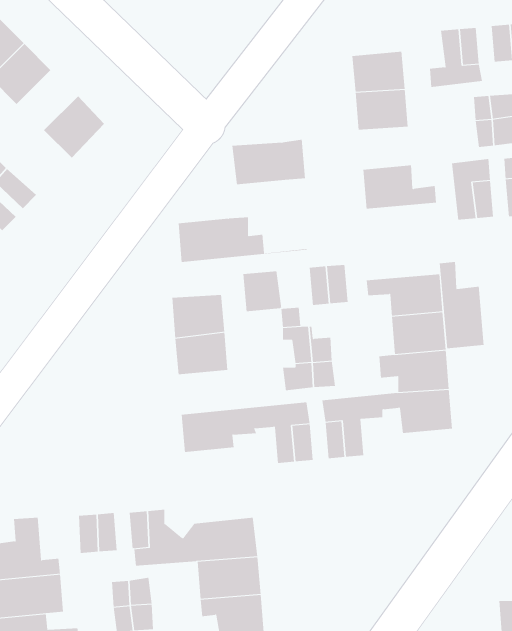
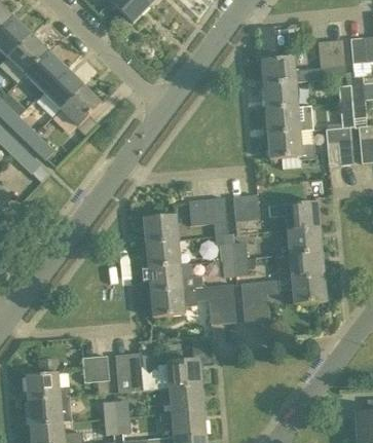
building: none -> [42,69,82,108]
building: [231,139,306,185] -> [264,104,312,134]
building: [178,217,307,263] -> [147,263,231,293]
building: [439,261,484,349] -> none

